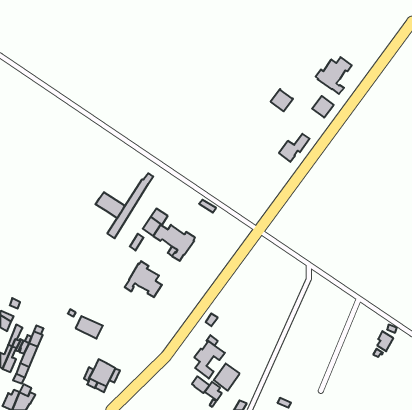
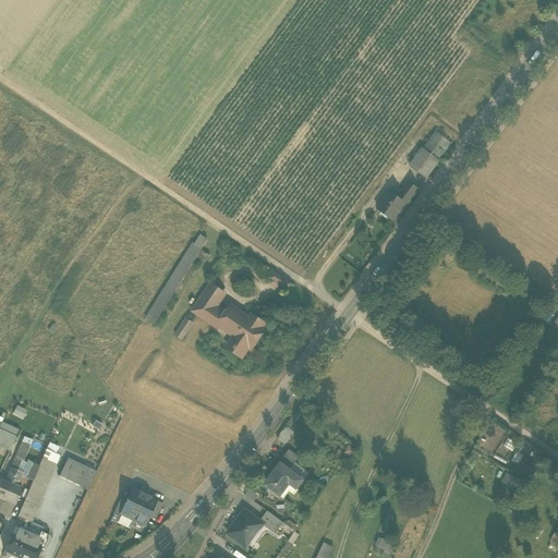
building: [316,57,352,94] -> none
building: [271,89,293,111] -> [409,146,439,177]
building: [95,192,125,218] -> none
building: [125,261,162,297] -> none
building: [76,316,103,339] -> [59,458,96,488]
building: [214,363,239,391] -> [228,509,263,546]

